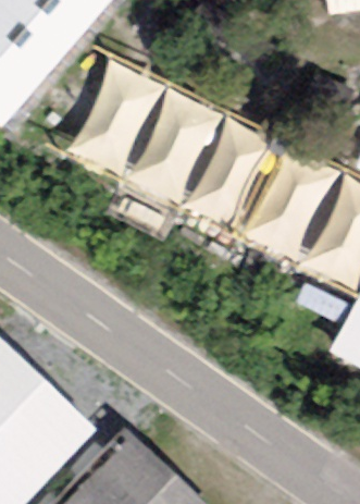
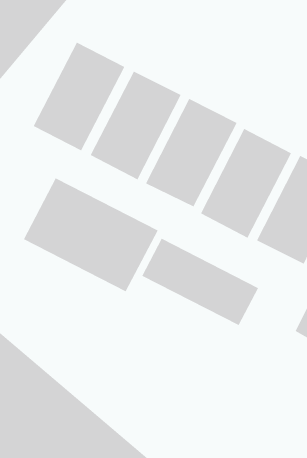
building: none -> [23,177,158,292]
building: none -> [141,238,259,326]

